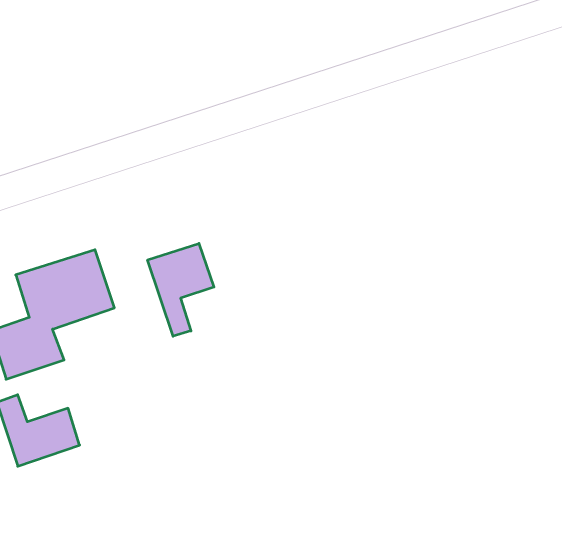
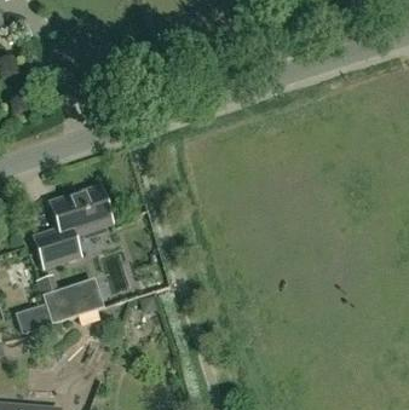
building: [148,243,214,336] -> none

